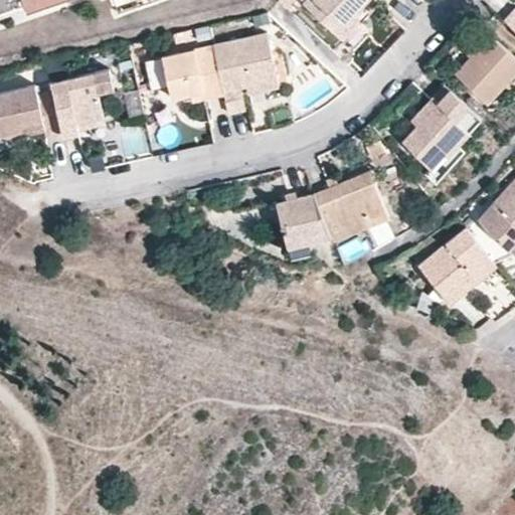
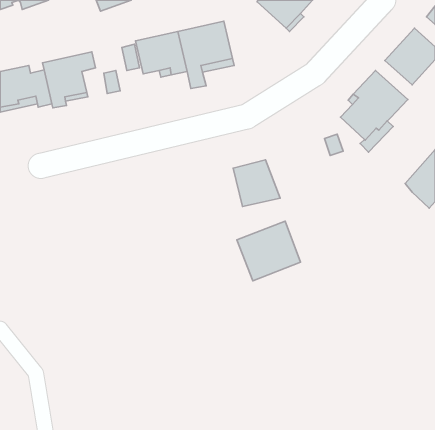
building: [314,172,389,242] -> [237,221,301,281]
building: [418,230,497,307] -> none

